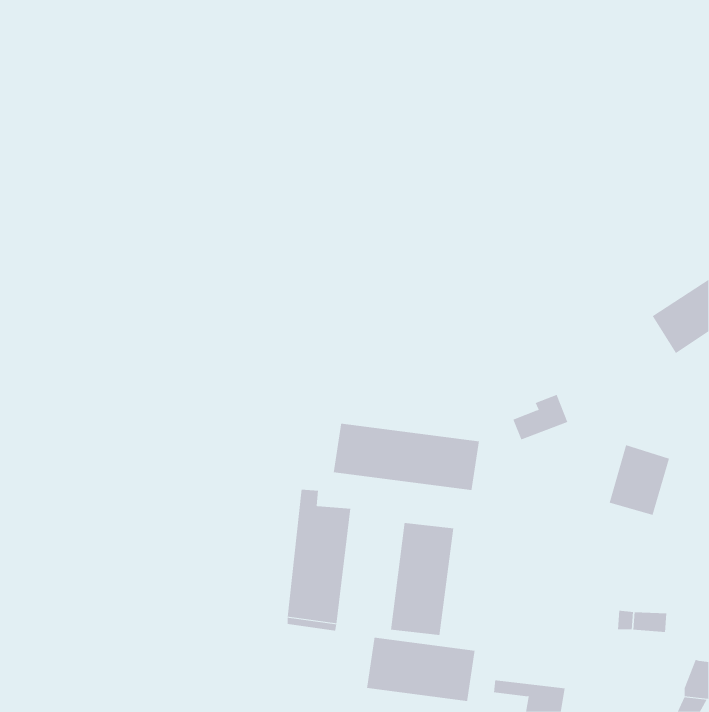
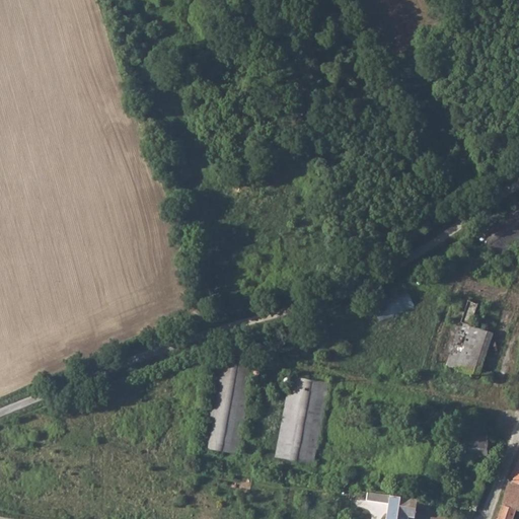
building: [333,423,479,491] -> none
building: [367,637,475,702] -> none

